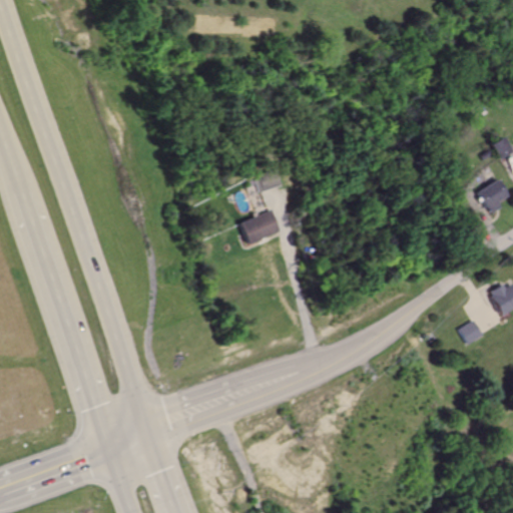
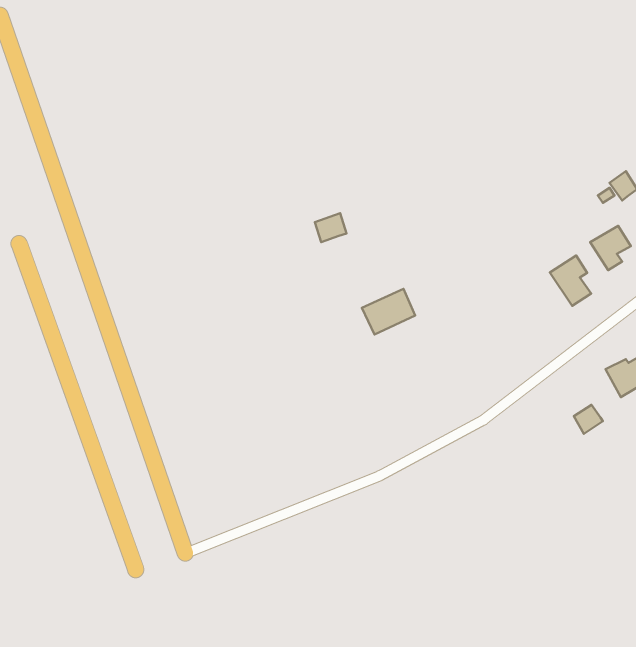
building: none -> [550,256,591,306]
building: [239,208,282,244] -> [362,289,415,335]

